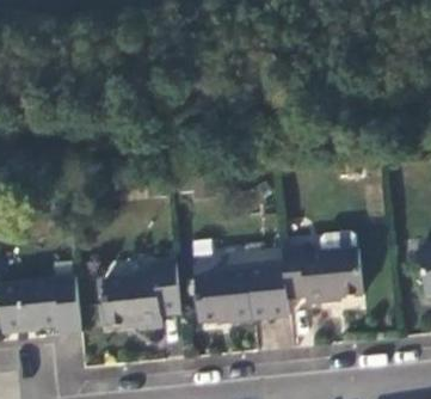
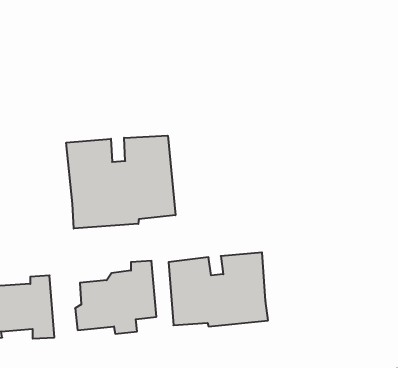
building: none -> [66,136,175,229]
building: [282,229,361,301] -> none

